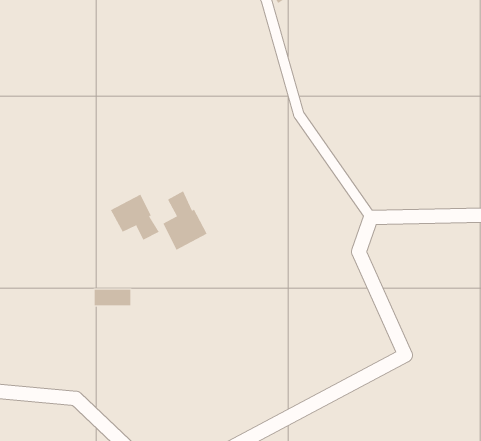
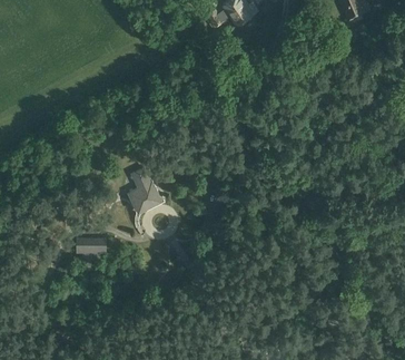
building: [110,194,159,240] -> none

